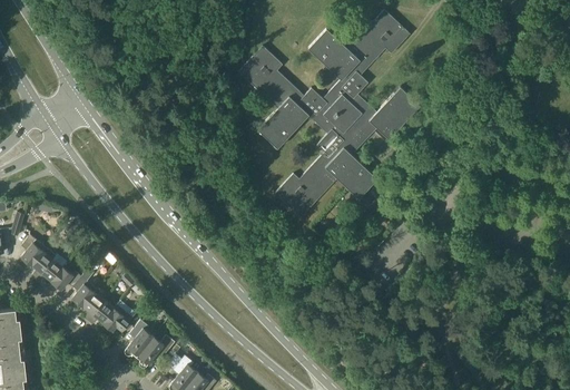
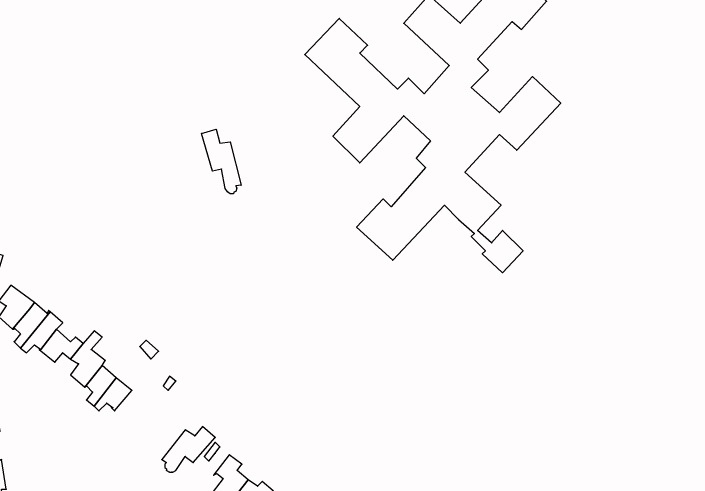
building: none -> [202,129,241,194]
building: [104,302,136,331] -> none
building: [125,320,154,359] -> none

